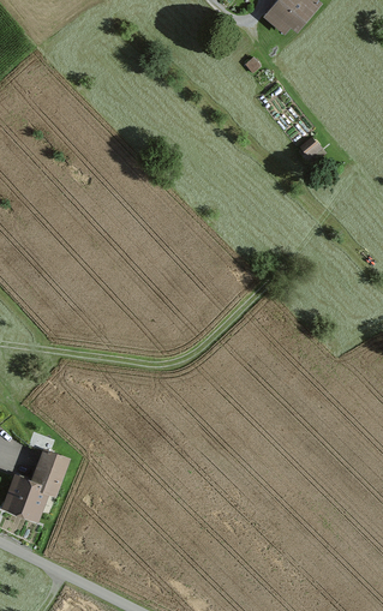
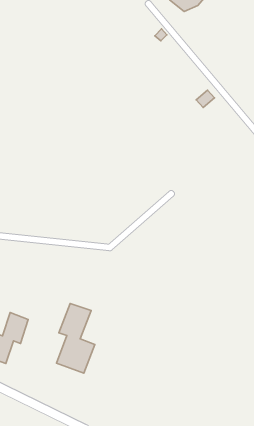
building: none -> [57,303,95,373]

